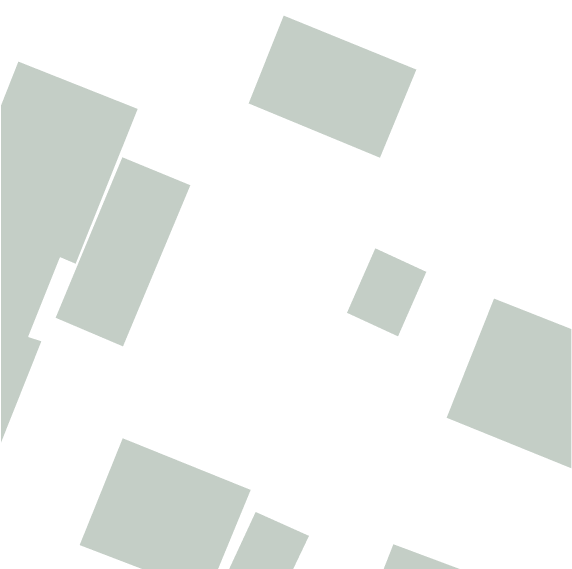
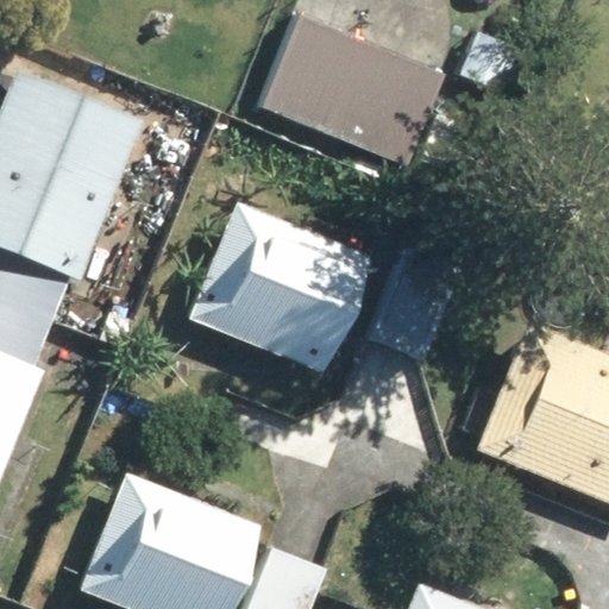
building: [55,156,191,348] -> none
building: none -> [188,206,376,377]

